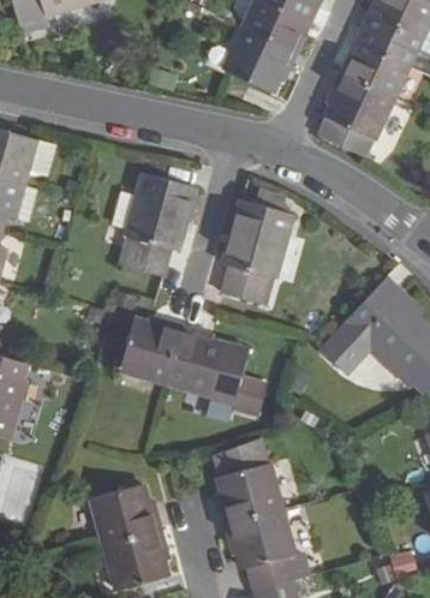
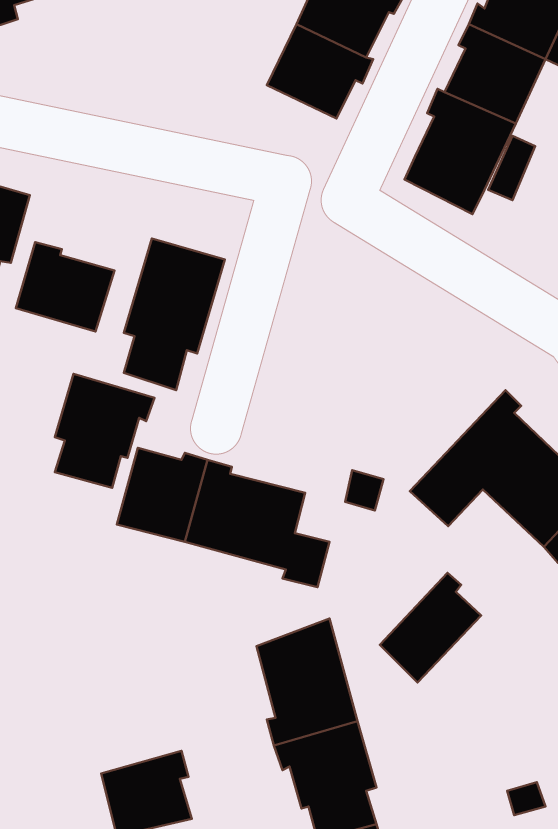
building: none -> [16,242,115,332]
building: [220,201,289,305] -> none
building: none -> [55,374,154,488]
building: none -> [380,573,481,682]
building: [95,484,162,543] -> none

